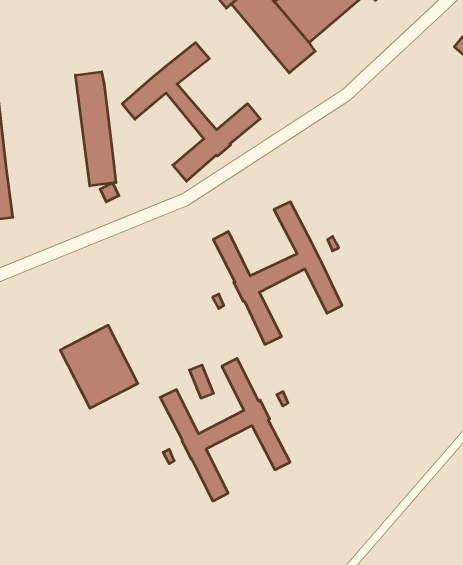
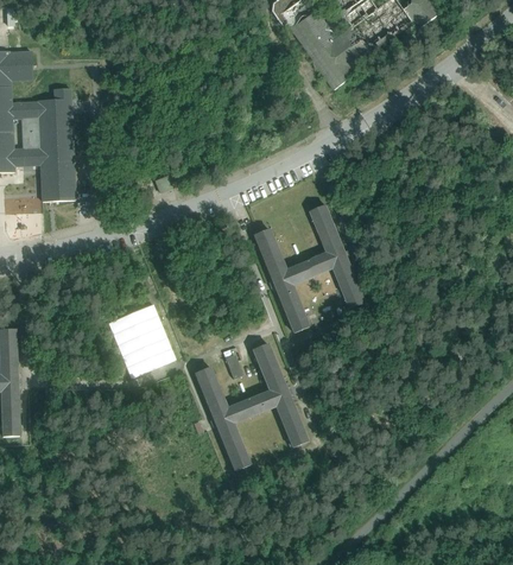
building: [122,43,260,181] -> none
building: [75,72,116,186] -> none

